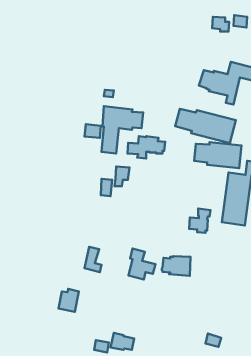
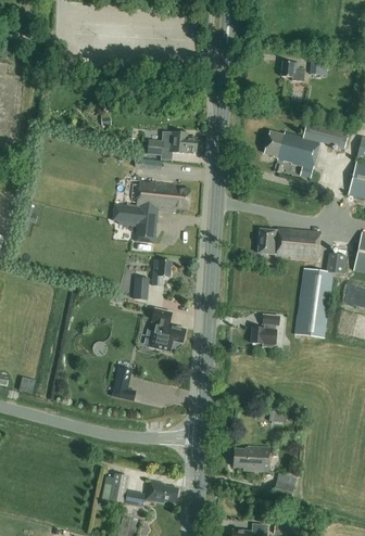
building: [175,109,236,143] -> none
building: [127,136,165,158] -> [147,130,197,159]
building: [128,249,155,280] -> [150,308,186,349]
building: [162,256,190,276] -> [232,445,270,471]
building: [58,289,79,312] -> [101,472,128,502]

